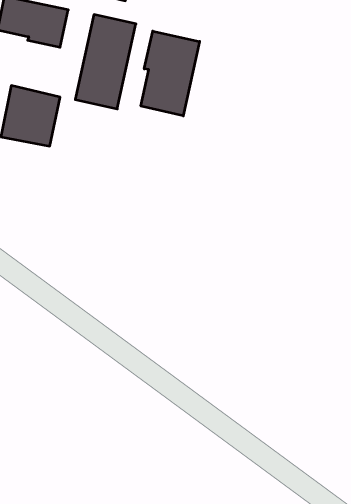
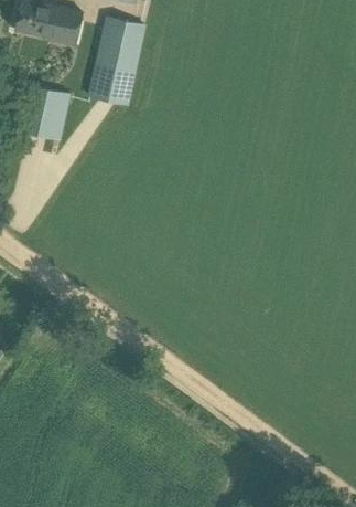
building: [141,31,200,116] -> none

